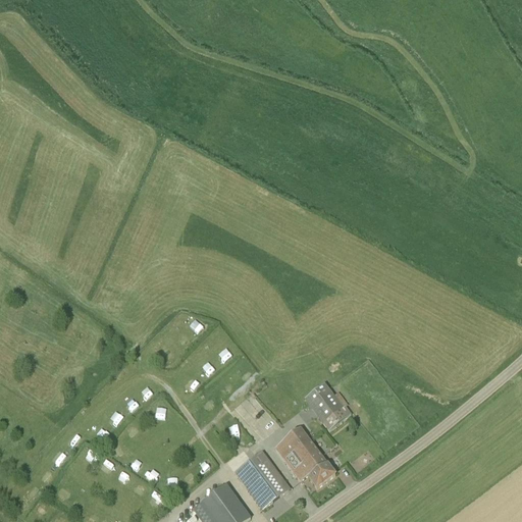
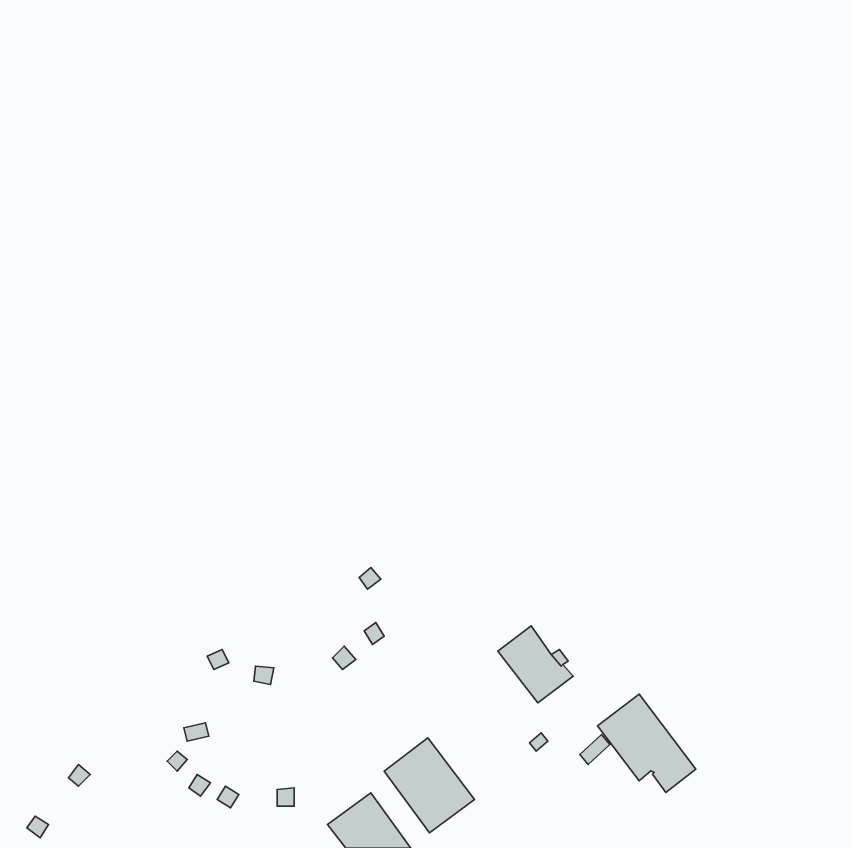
building: [274,428,334,488] -> [597,694,696,793]

